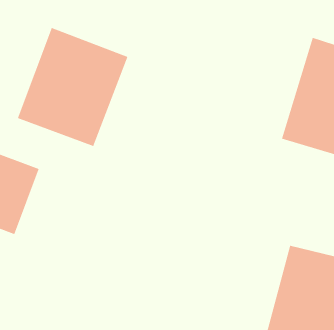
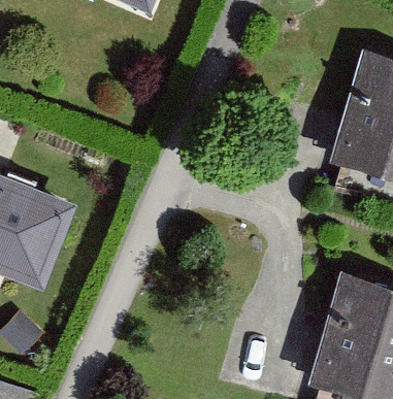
building: [17,27,128,147] -> none

